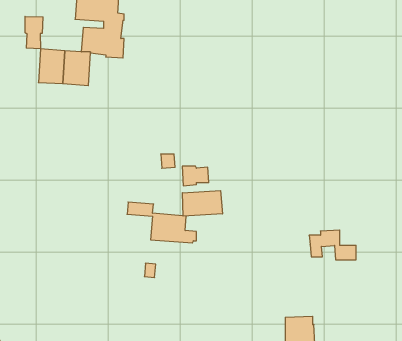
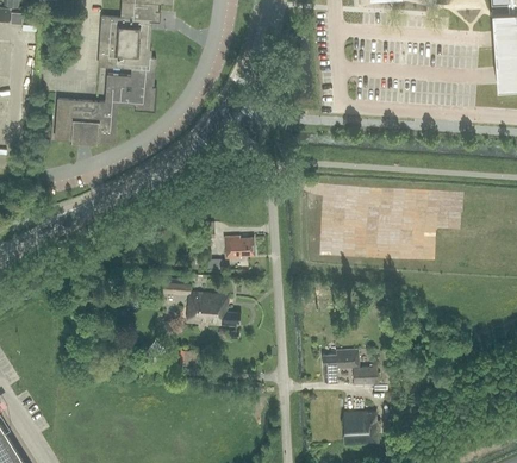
building: [25,16,43,49] -> none
building: [182,191,222,216] -> none
building: [309,230,356,260] -> [322,349,376,383]

